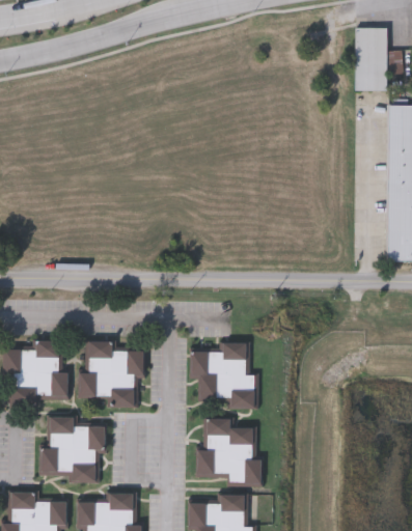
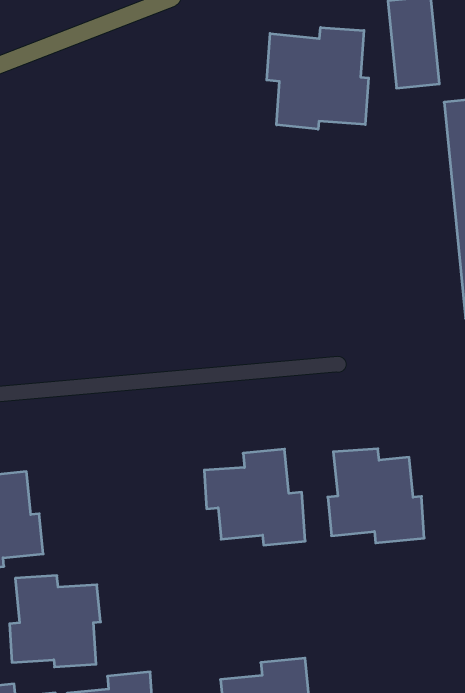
building: none -> [267,27,369,129]
building: [78,341,144,408] -> none
building: [195,418,263,486] -> [328,449,424,543]

